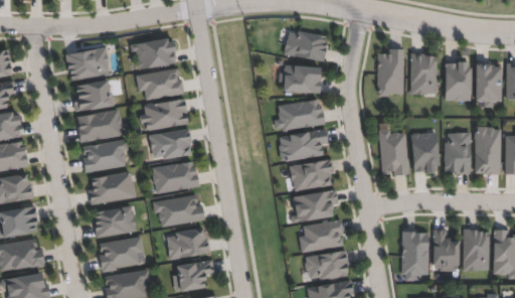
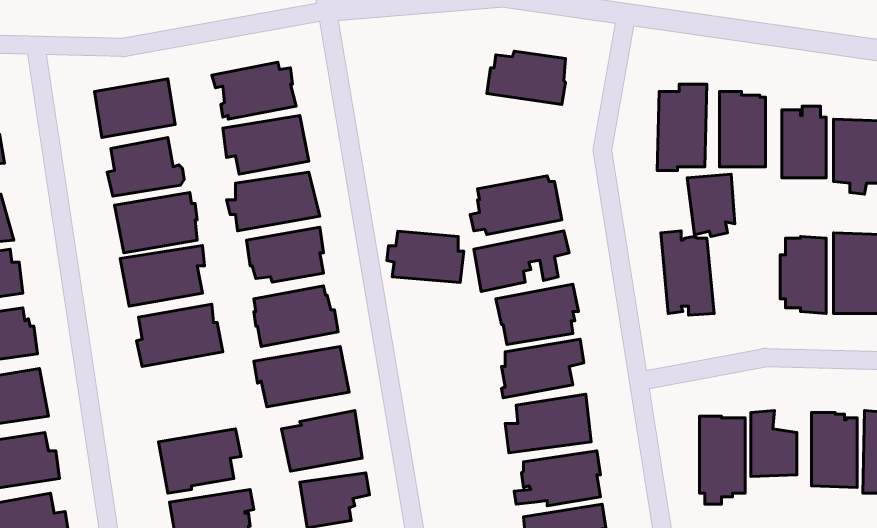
building: [280,64,322,93] -> [387,231,464,282]
building: [409,141,436,175] -> [687,174,735,237]
building: [98,206,142,239] -> none

